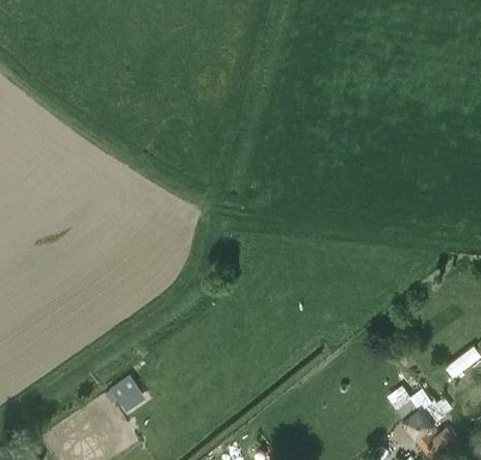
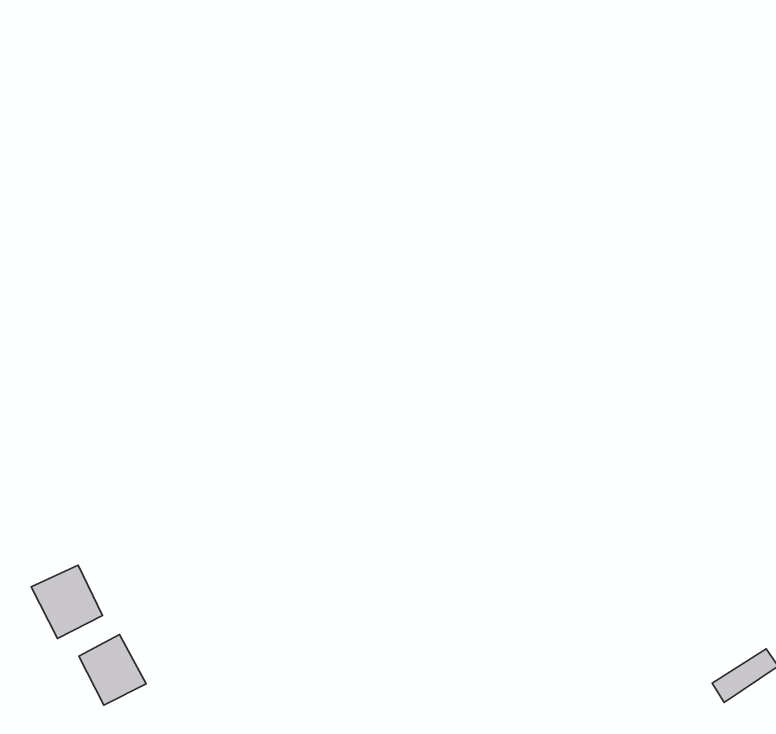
building: none -> [31,565,102,638]

